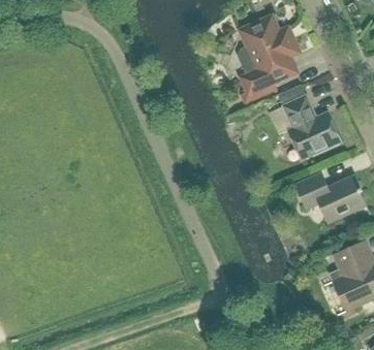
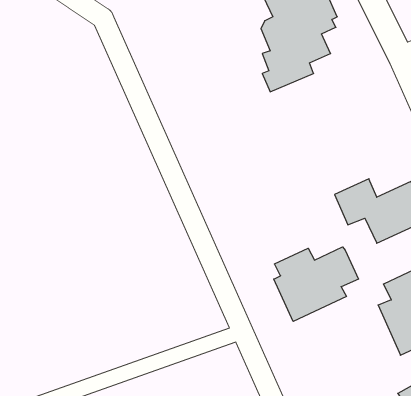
building: [271,83,341,158] -> none
building: none -> [274,247,358,321]

